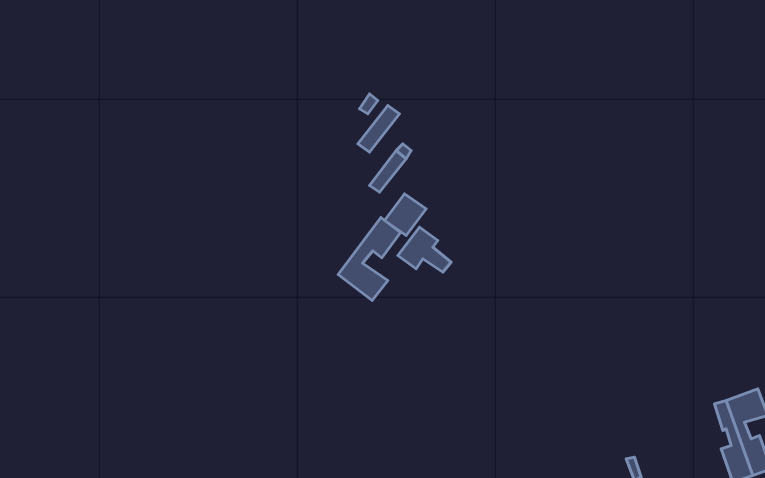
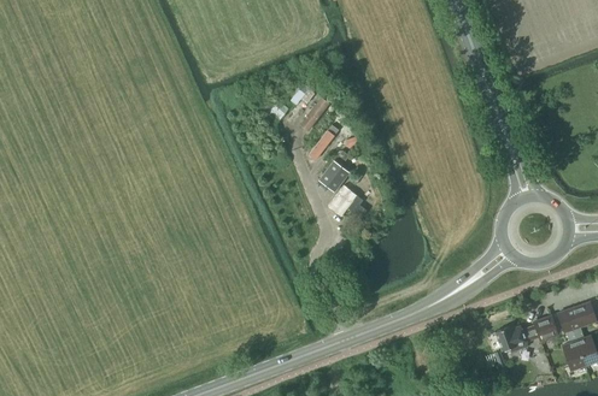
building: [338,218,400,300] -> none
building: none -> [496,317,558,353]

